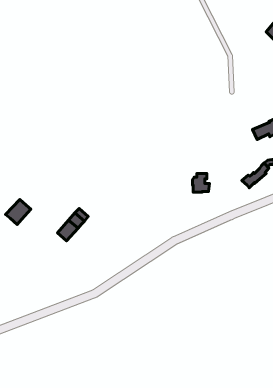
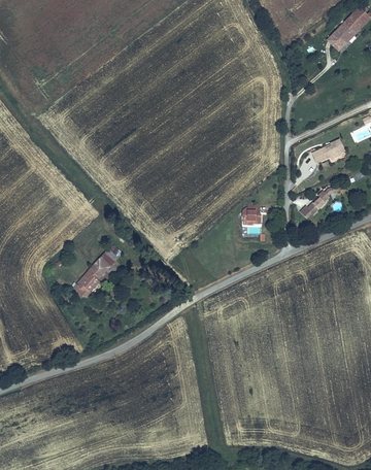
building: [6,199,31,224] -> [71,270,100,299]

